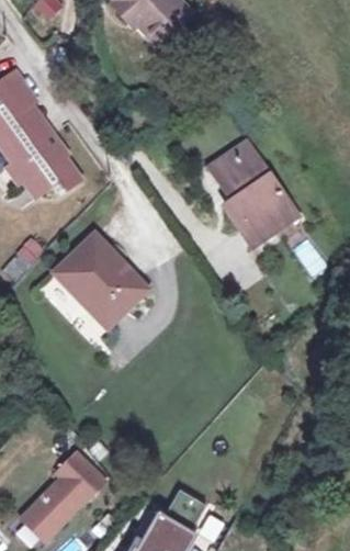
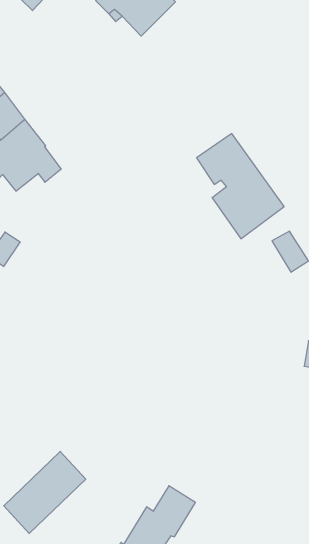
building: [61,236,153,319] -> none

